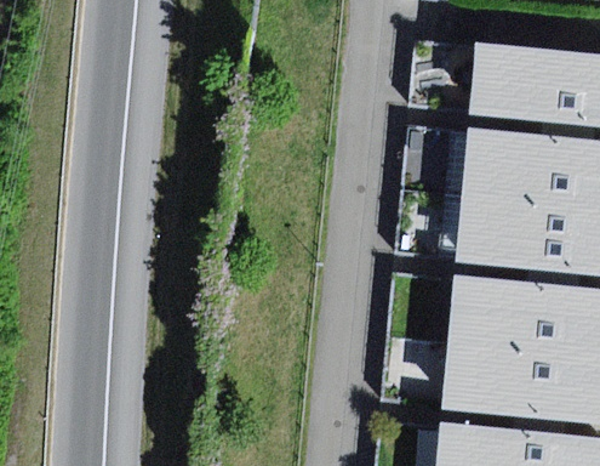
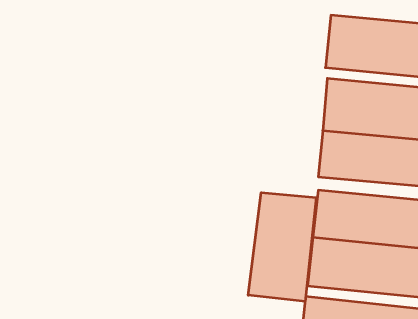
building: none -> [248,193,316,301]

